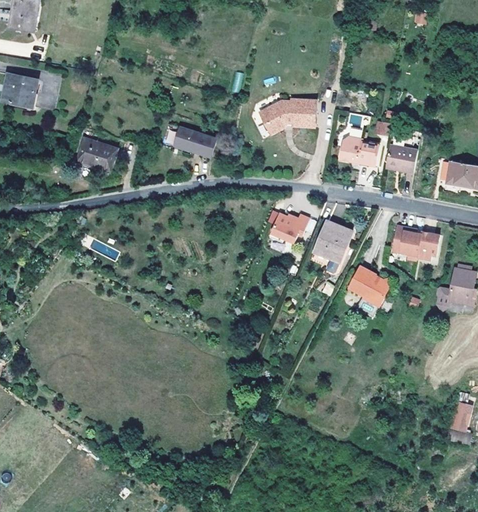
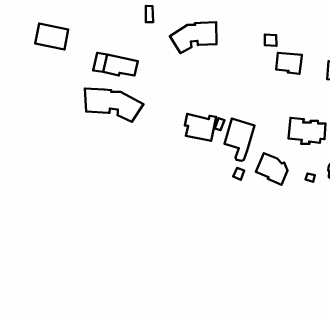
building: [76,137,118,172] -> [35,23,68,50]
building: [339,137,379,166] -> none
building: none -> [85,89,143,122]

